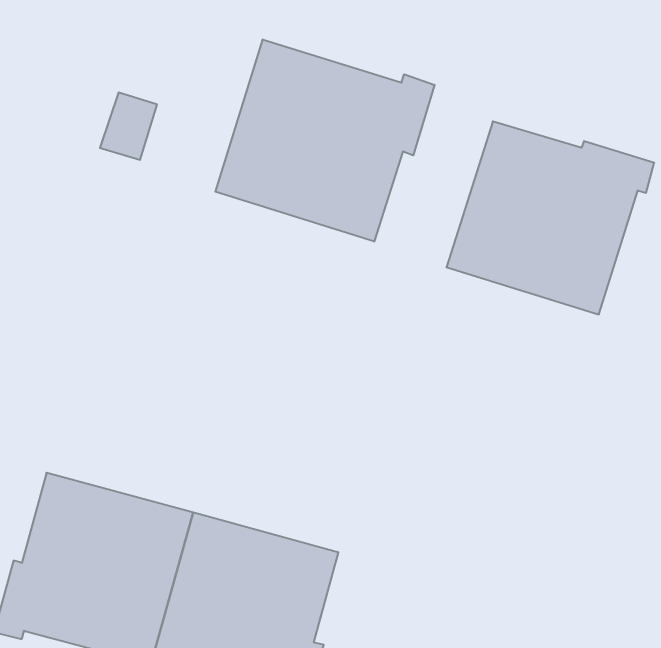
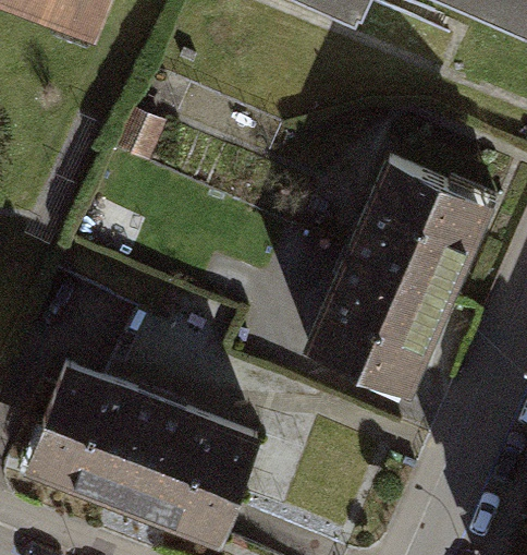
building: [215,39,435,242] -> none
building: none -> [308,256,448,400]

